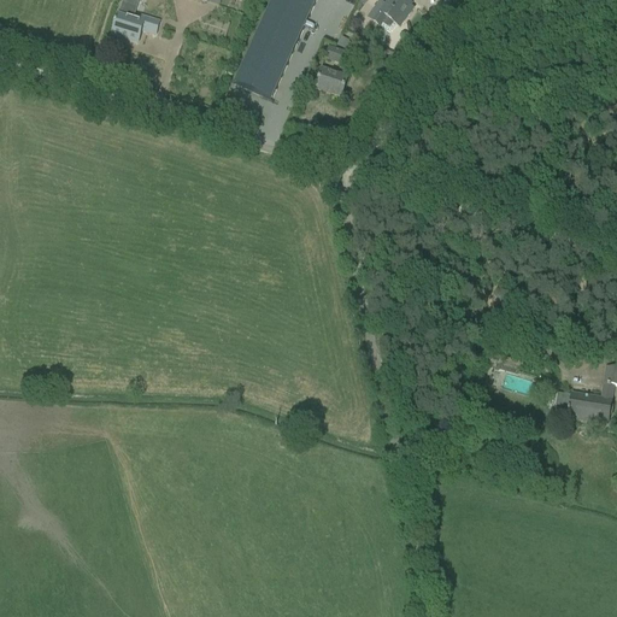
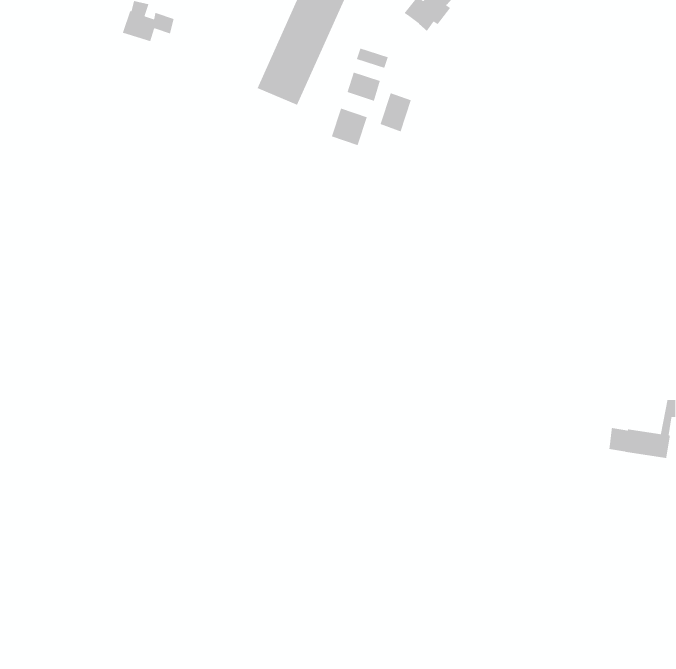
building: none -> [379,92,412,132]
building: none -> [331,107,368,146]

